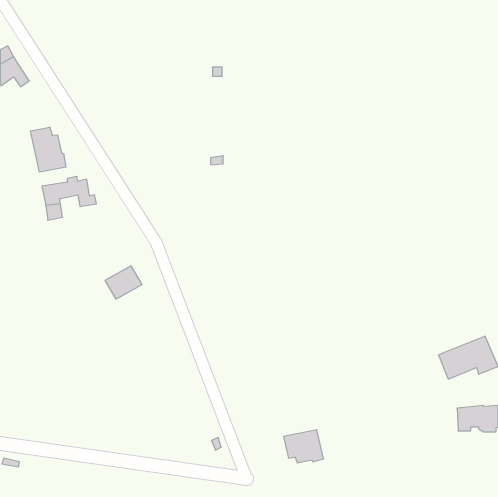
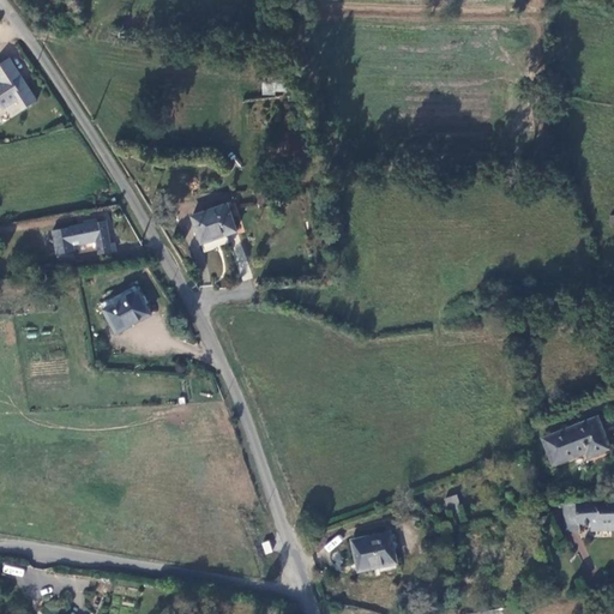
building: [31,127,66,172] -> none
building: none -> [193,205,236,243]
building: [105,266,142,299] -> [104,291,150,332]

